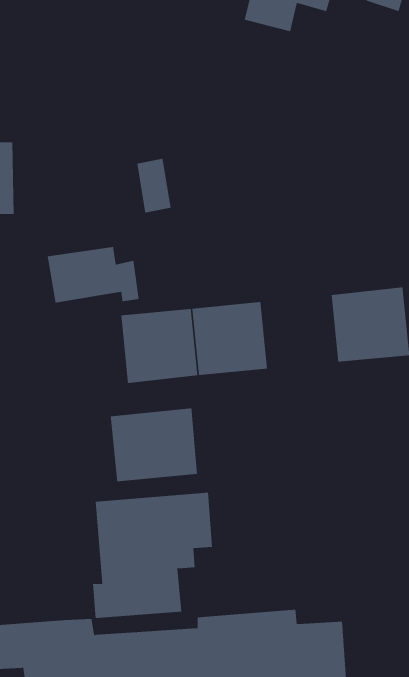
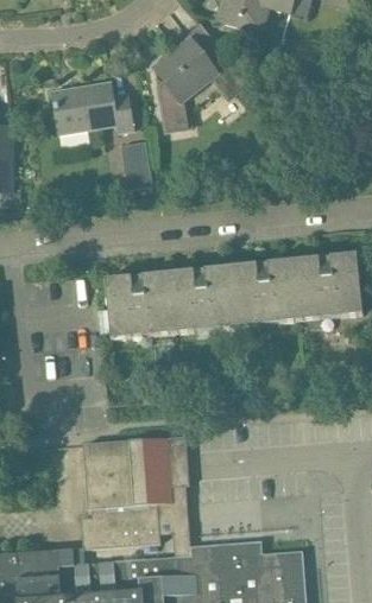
building: none -> [153,37,247,131]
building: [47,247,139,303] -> [52,82,134,132]
building: none -> [232,262,300,328]
building: [110,408,197,482] -> none

